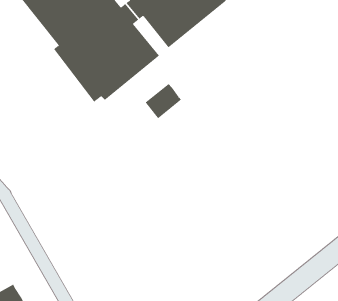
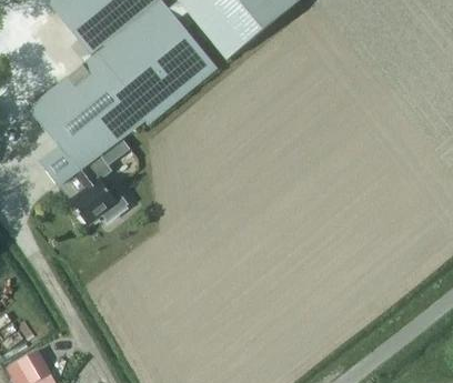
building: none -> [29,61,137,226]
building: [145,83,182,119] -> none

